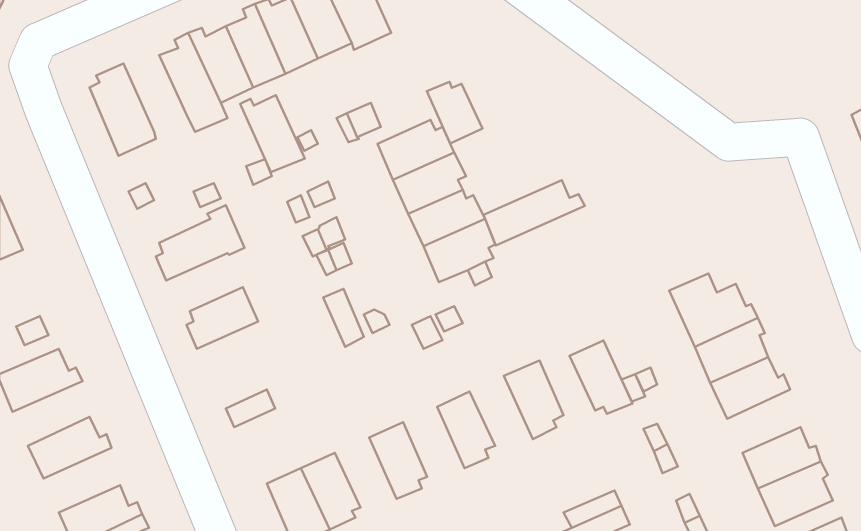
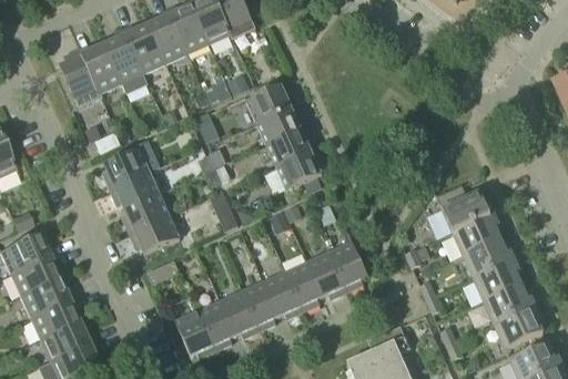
building: [427,82,482,144] -> none
building: [240,95,305,172] -> [81,42,123,92]
building: [483,180,585,246] -> none
building: none -> [109,171,159,208]
building: none -> [129,215,180,254]
building: [569,340,633,414] -> [306,250,347,298]
building: none -> [9,254,59,296]
building: none -> [474,259,521,300]
building: none -> [263,270,303,317]
building: none -> [219,290,258,338]
building: none -> [29,297,79,339]

